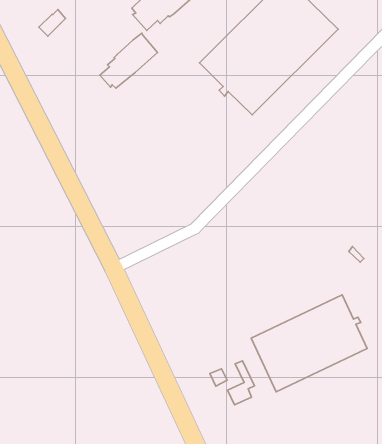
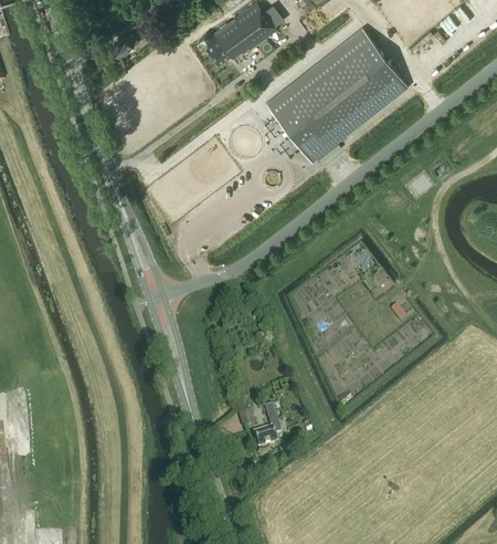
building: [100,33,158,88] -> none
building: [251,295,367,392] -> none

